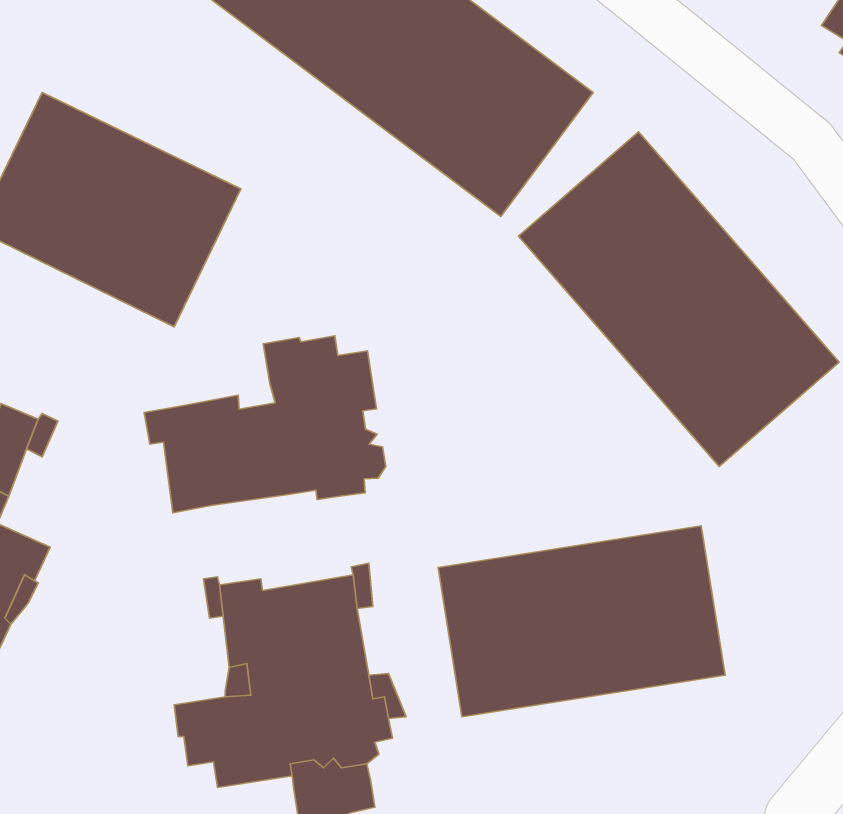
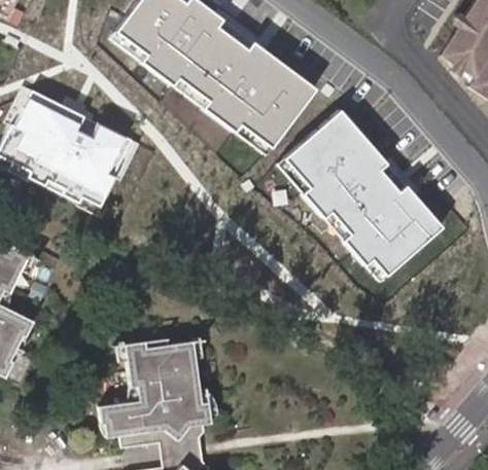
building: [144,336,386,513] -> none
building: [438,526,725,717] -> none

